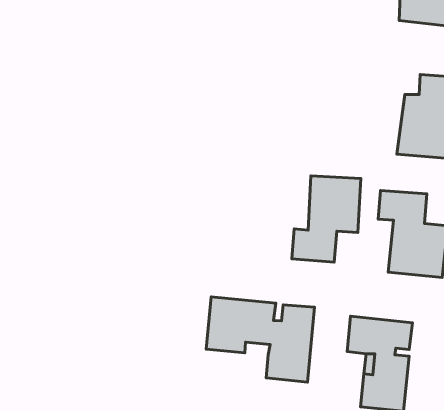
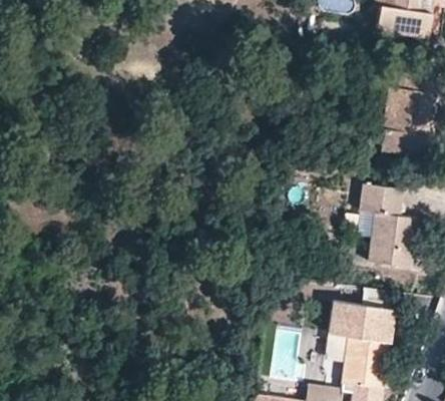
building: [292,176,361,262] -> none
building: [206,297,314,382] -> none

